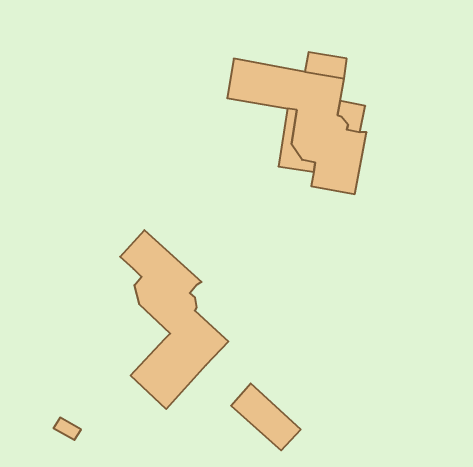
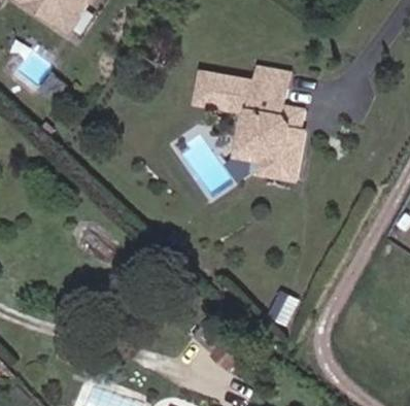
building: [120,230,228,409] -> none

